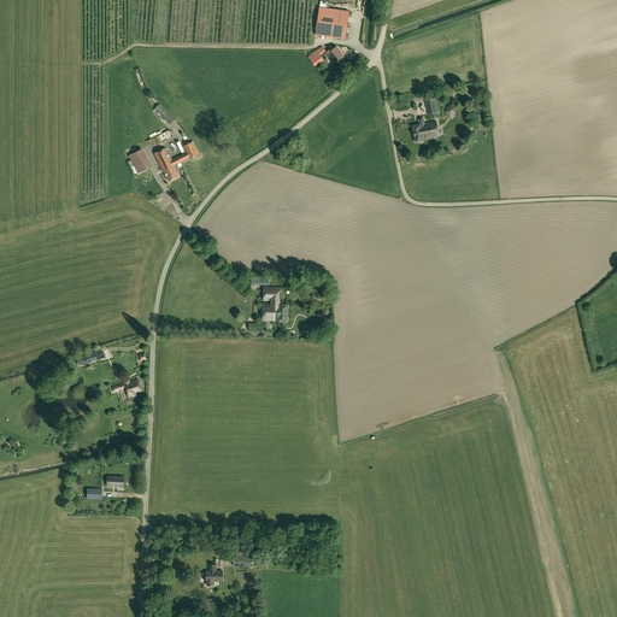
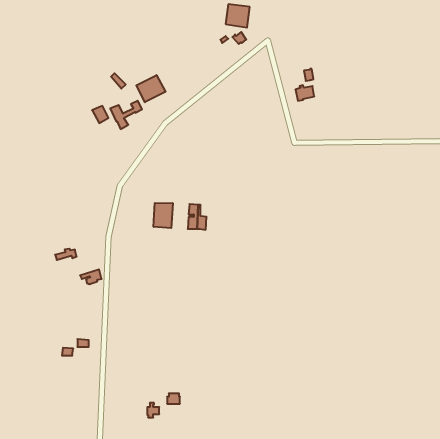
building: none -> [136,75,166,102]
building: none -> [154,203,173,228]

